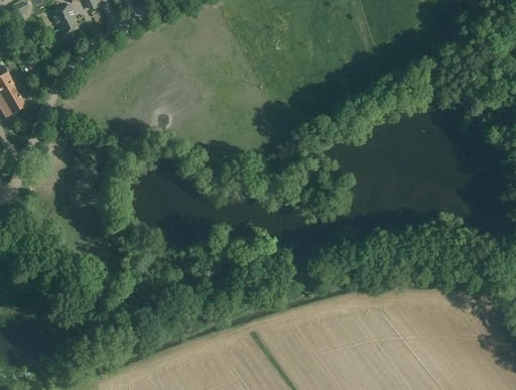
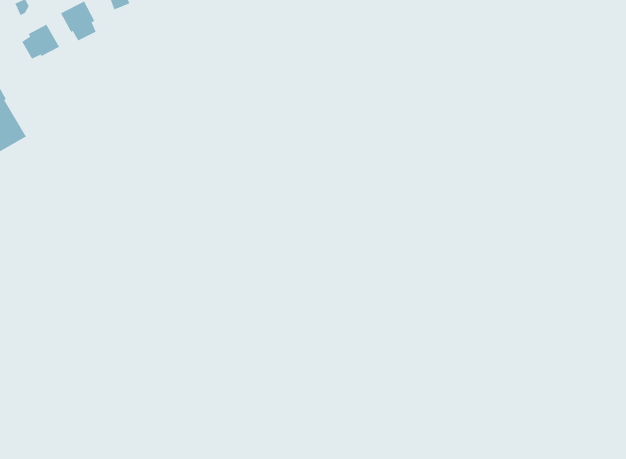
building: none -> [21,24,60,60]

